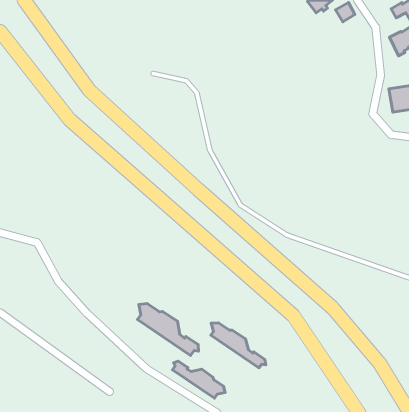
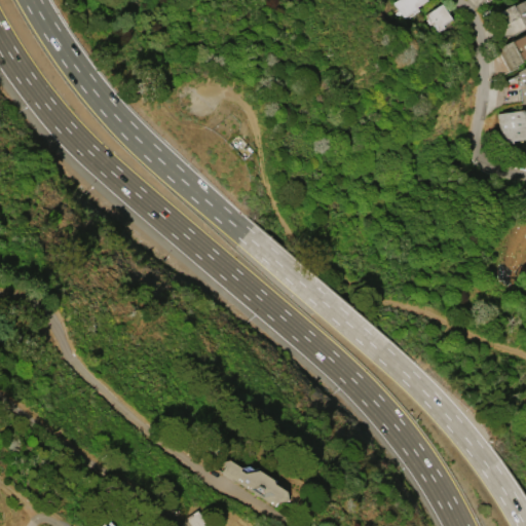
building: [137,304,199,355] -> none
building: [211,323,266,368] -> none

